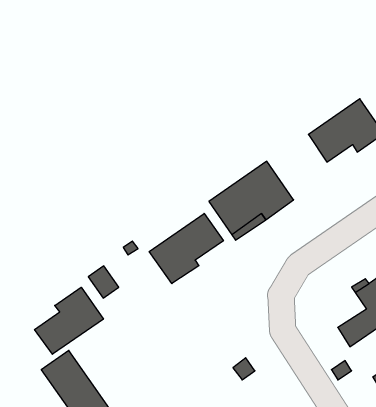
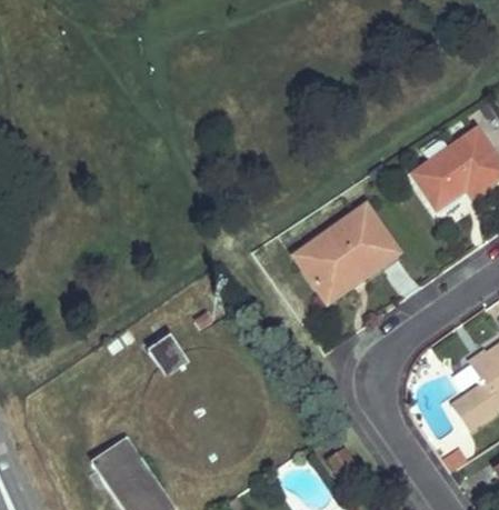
building: [149,213,223,284] -> none
building: [35,287,103,354] -> none

